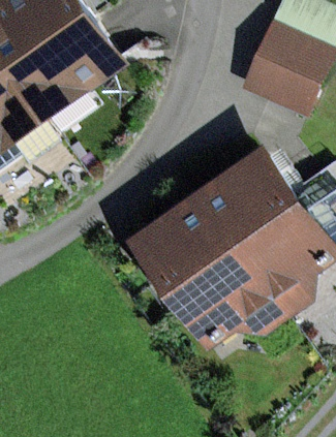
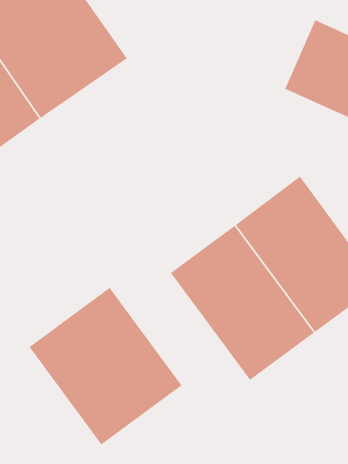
building: none -> [29,287,182,446]

